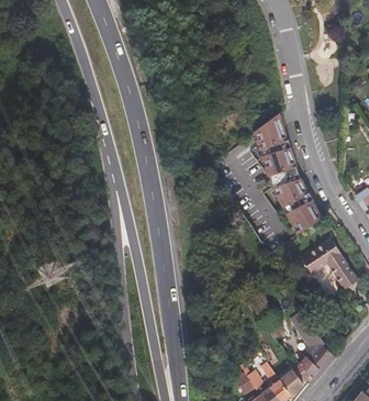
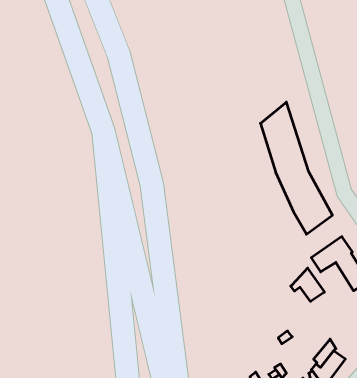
building: none -> [291,268,324,301]

